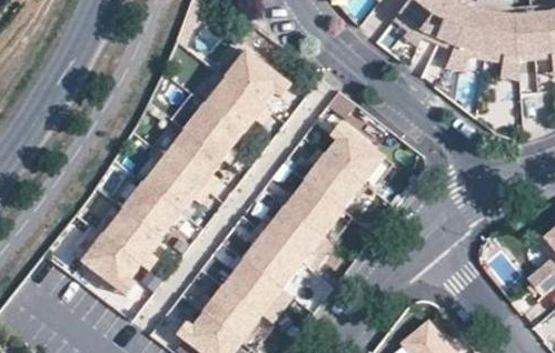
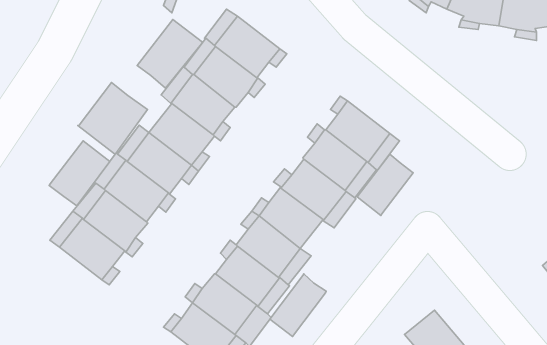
building: none -> [137,20,203,88]
building: none -> [78,82,148,154]
building: none -> [49,141,110,206]
building: none -> [357,154,413,215]
building: none -> [270,274,326,337]

